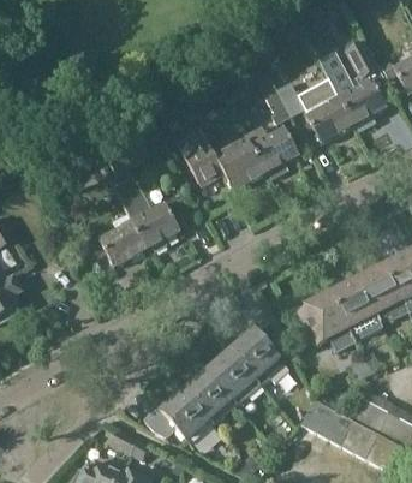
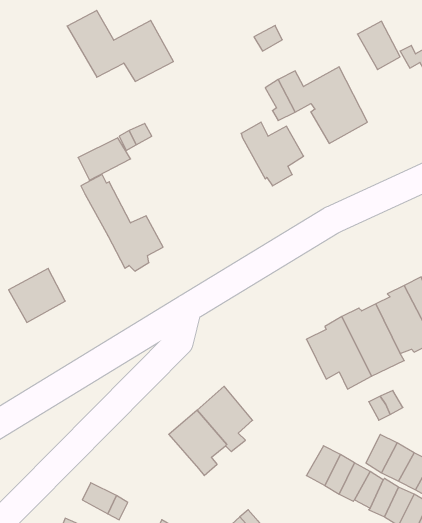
building: [318,50,386,131] -> none
building: [175,130,265,190] -> [67,10,173,81]
building: [98,221,147,267] -> [9,268,65,322]
building: [231,327,289,383] -> none
building: [143,389,209,445] -> none

